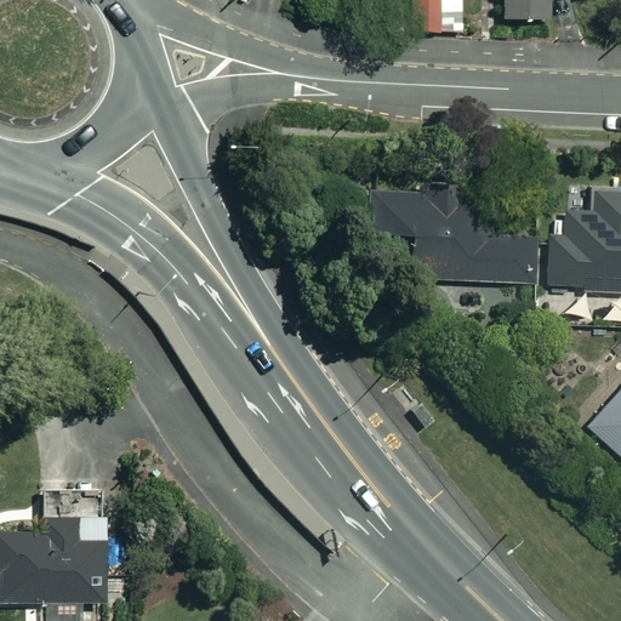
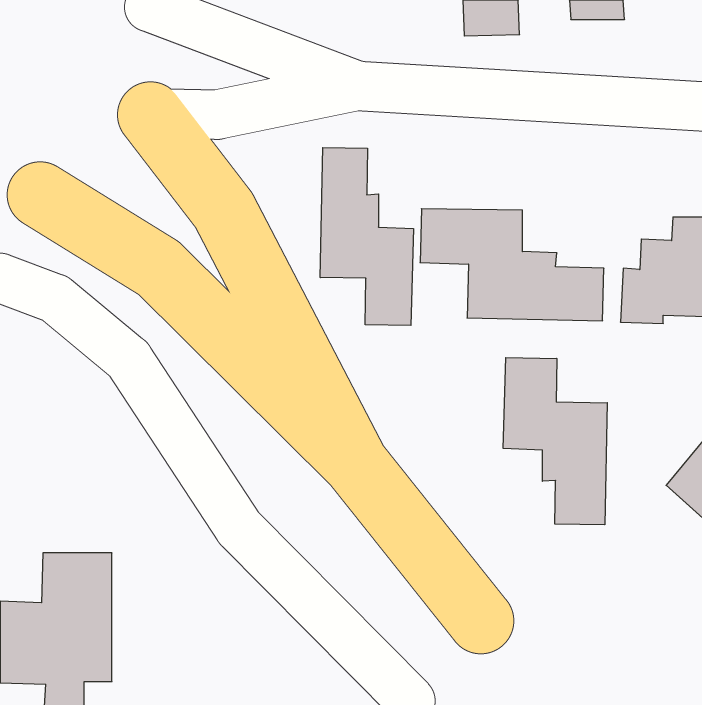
building: none -> [320,148,413,325]
building: none -> [503,358,607,525]

